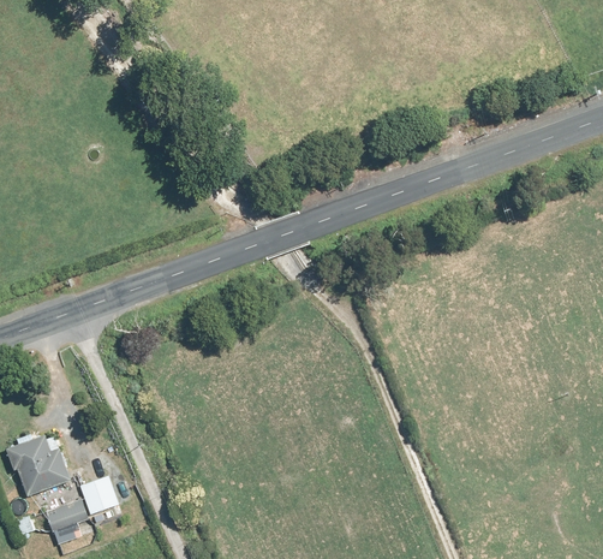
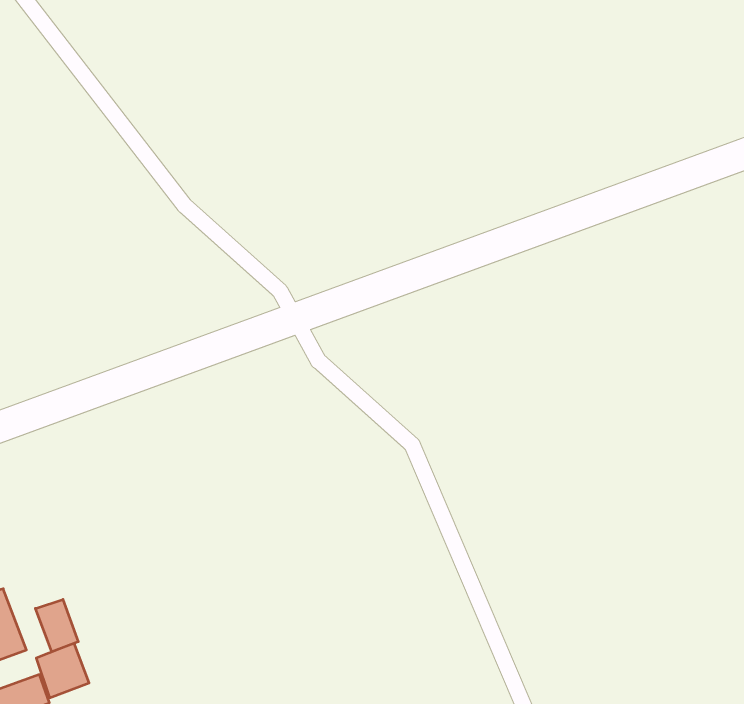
building: none -> [35,599,78,652]

